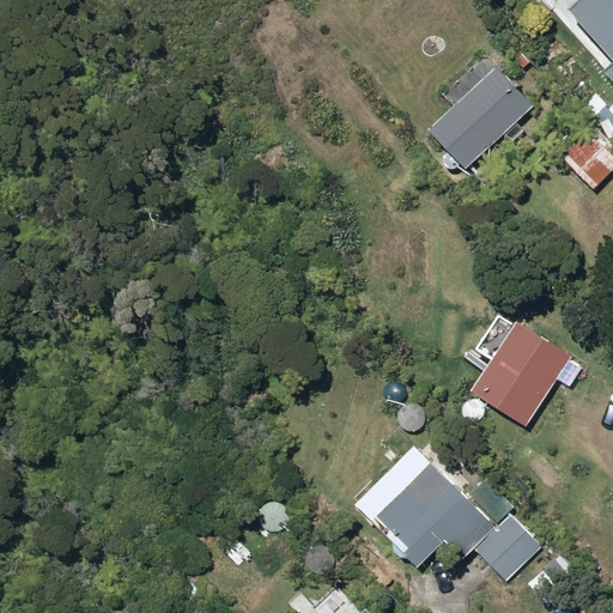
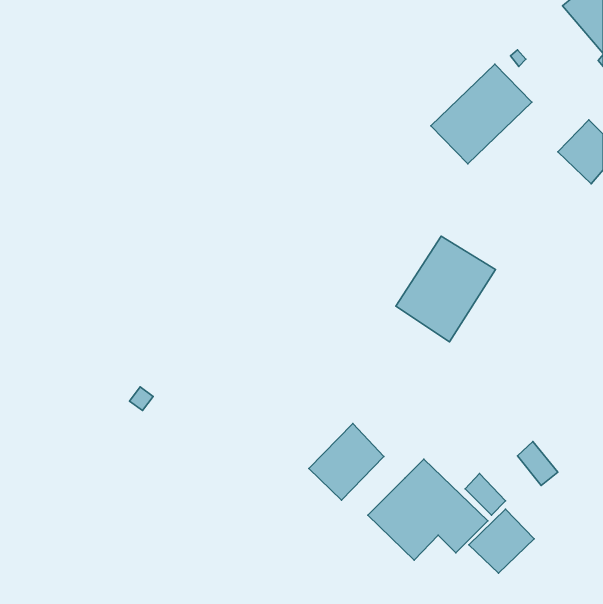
building: [469,318,570,425] -> [396,236,496,342]
building: none -> [309,424,384,500]

